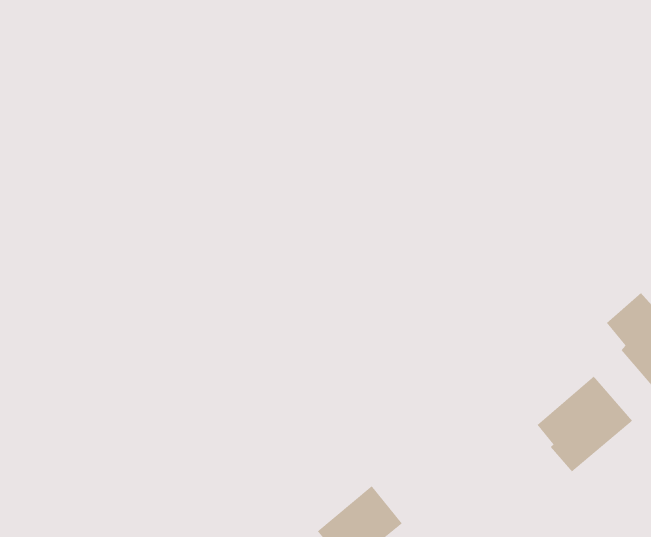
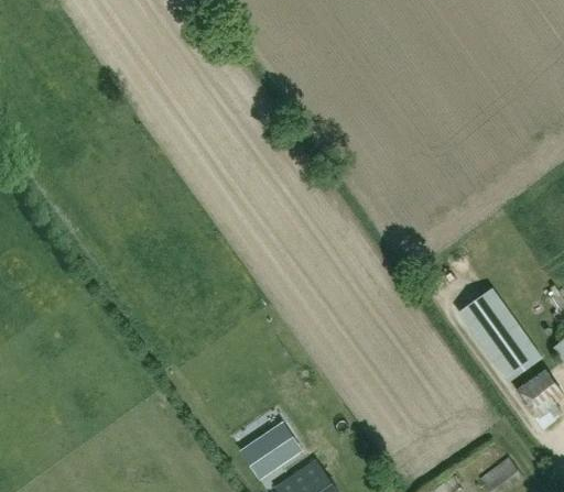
building: [537,376,633,472] -> none

